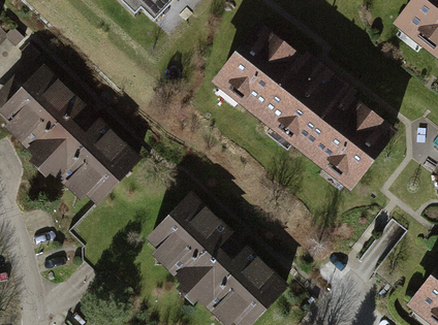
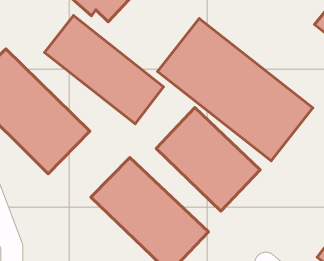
building: none -> [45,15,163,124]
building: none -> [156,108,260,211]

